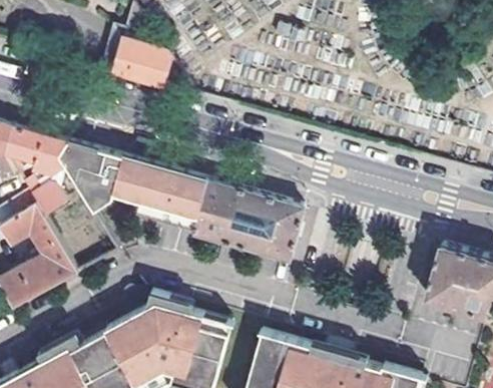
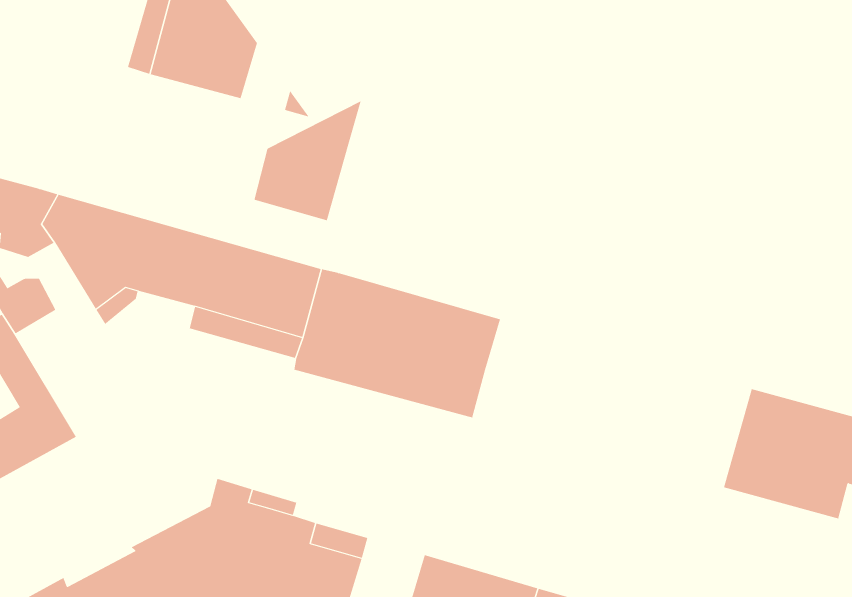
building: none -> [254,100,361,221]

